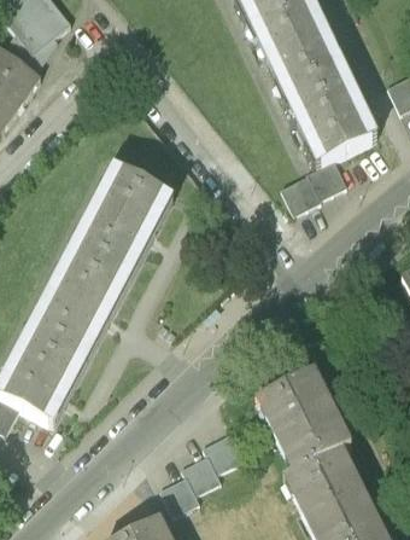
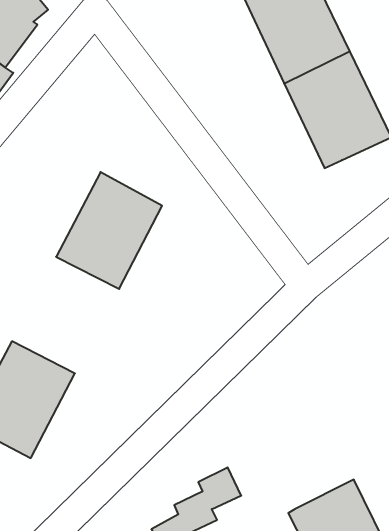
building: [279,153,344,208] -> none
building: [35,240,131,346] -> none
building: [254,367,350,468] -> none

